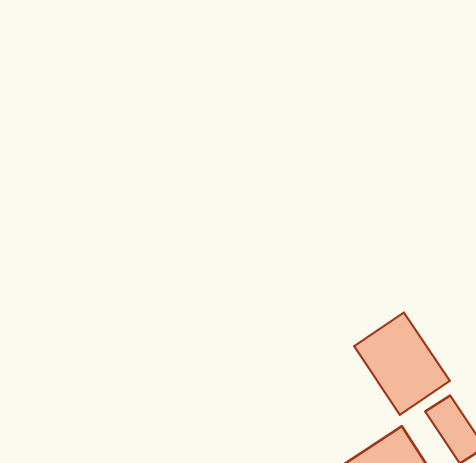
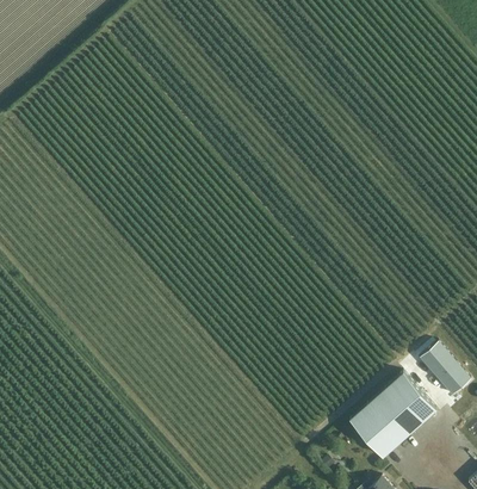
building: [354,312,450,415] -> none

